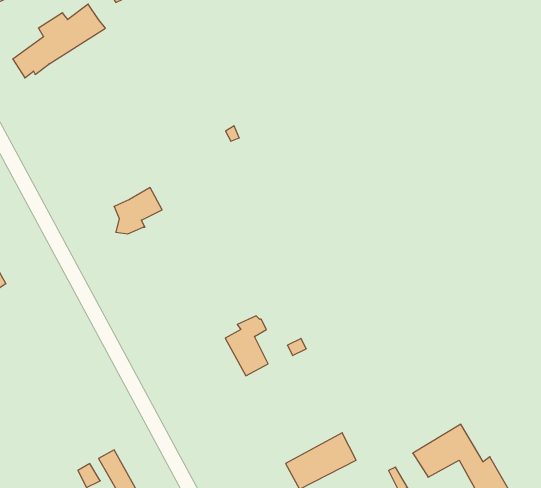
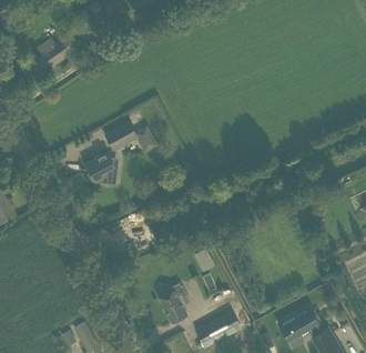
building: none -> [104,121,157,152]
building: [225,316,268,376] -> [159,283,186,322]

